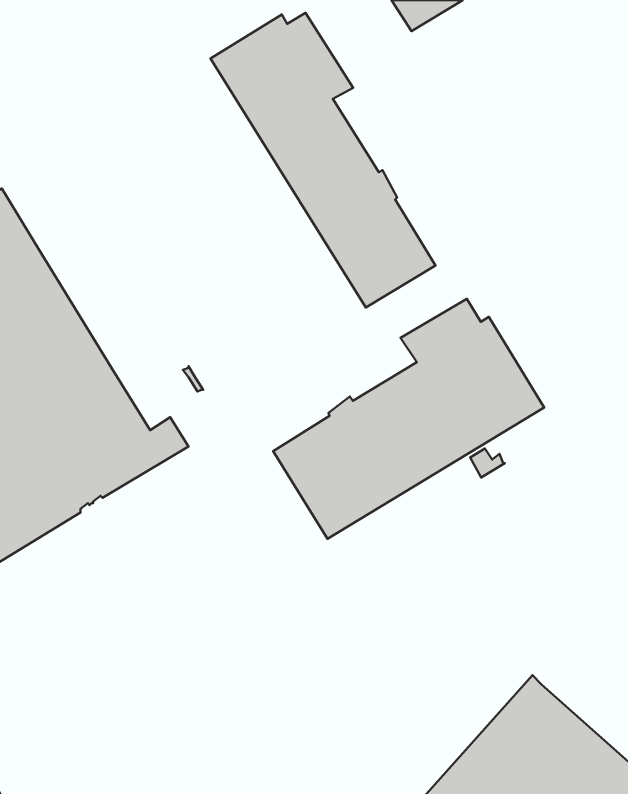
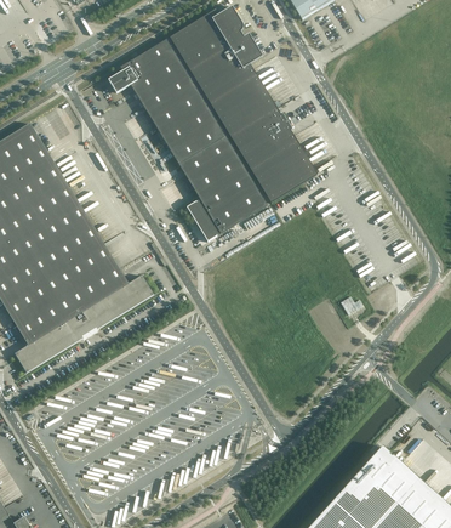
building: none -> [109,40,266,242]
building: [273,299,544,539] -> none

